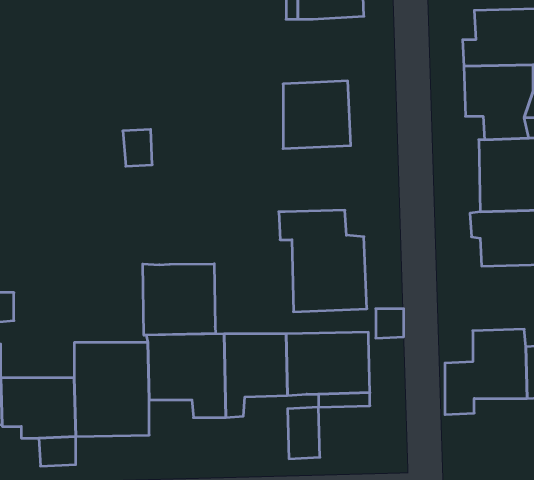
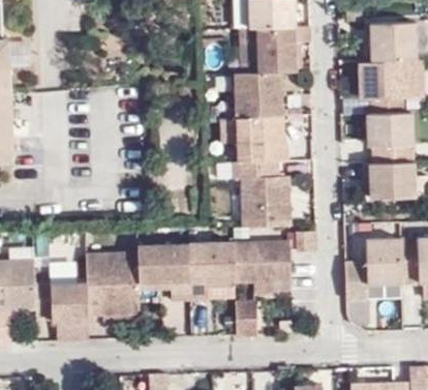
building: none -> [252,23,311,69]
building: none -> [219,114,285,160]
building: [143,264,215,335] -> none

